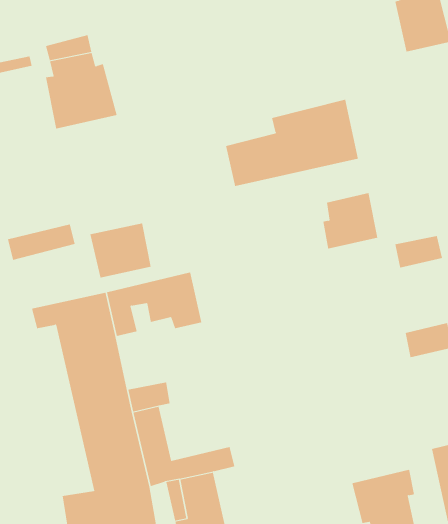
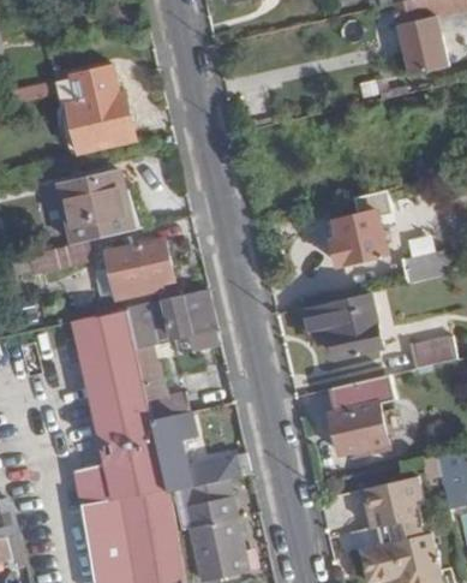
building: [225,99,359,187] -> none
building: none -> [58,172,132,244]
building: none -> [300,293,379,357]
building: none -> [328,376,390,453]

